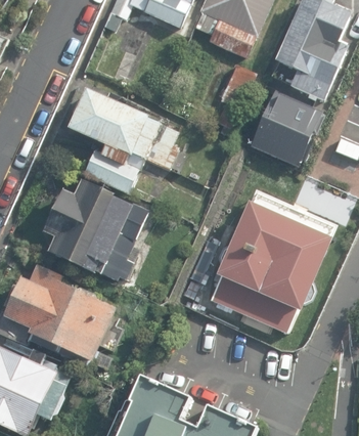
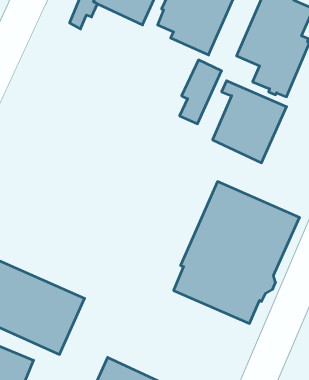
building: [65,87,178,195] -> none
building: [39,178,147,279] -> none

